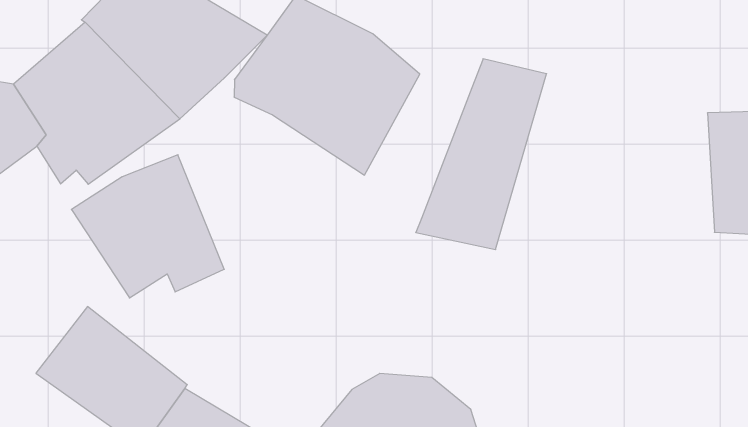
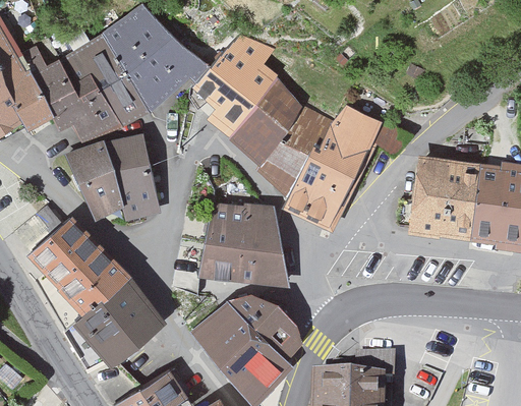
building: none -> [257,108,335,199]
building: none -> [410,157,481,239]
building: none -> [198,200,289,287]

